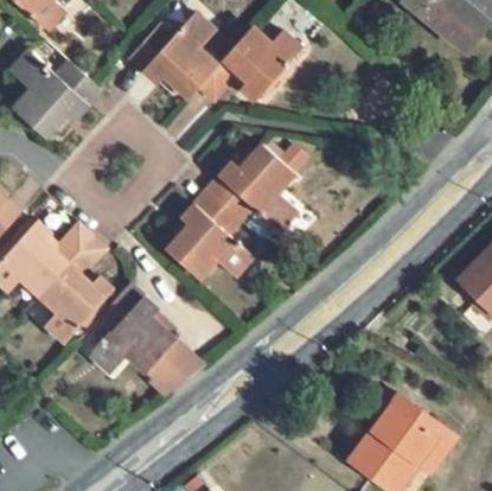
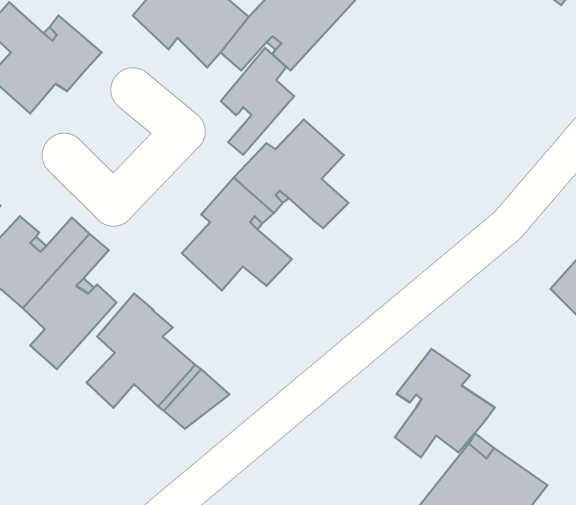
building: none -> [221,48,294,155]
building: none -> [395,349,495,458]

